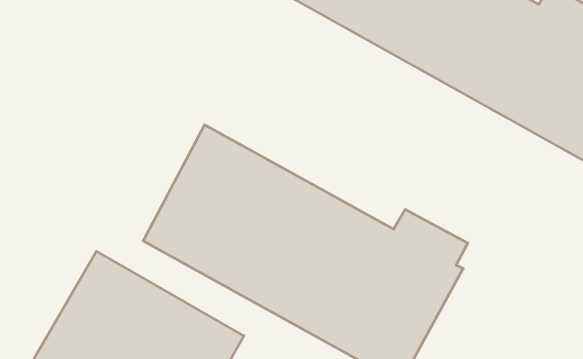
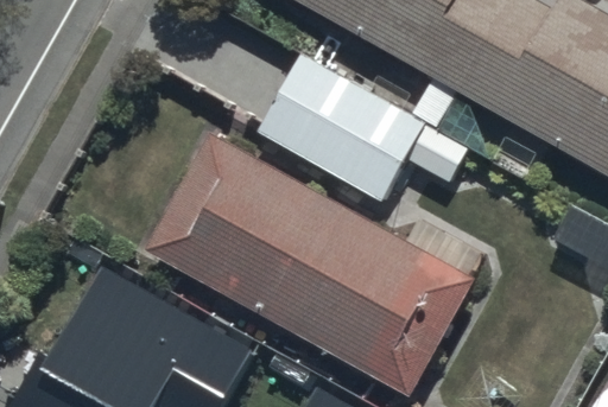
building: none -> [259,53,474,202]

